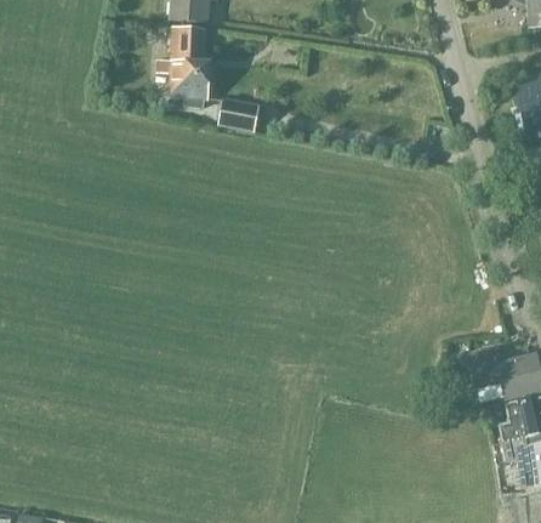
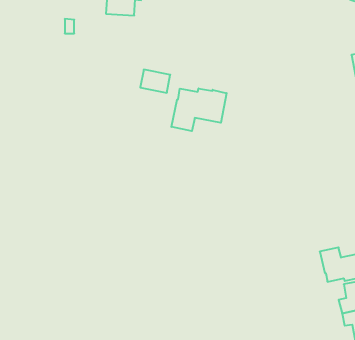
building: [156,25,211,98] -> none
building: none -> [171,88,227,131]

